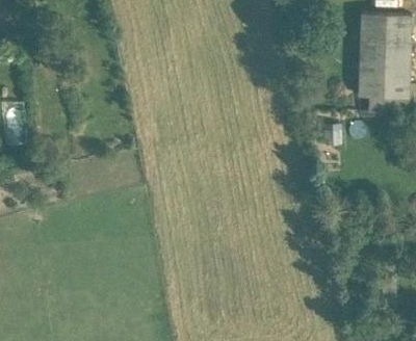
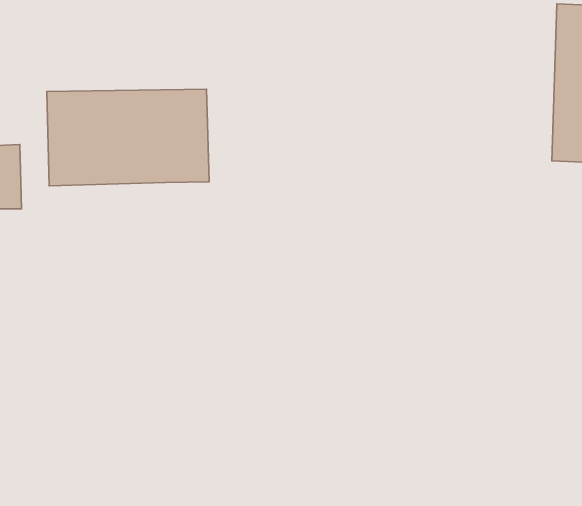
building: none -> [47,89,209,186]

